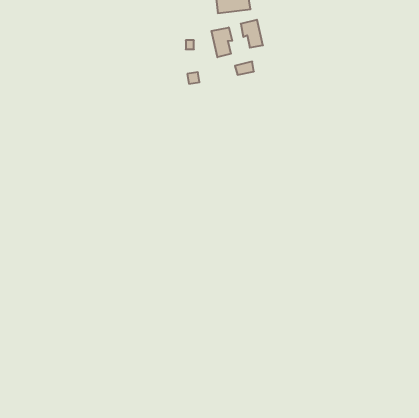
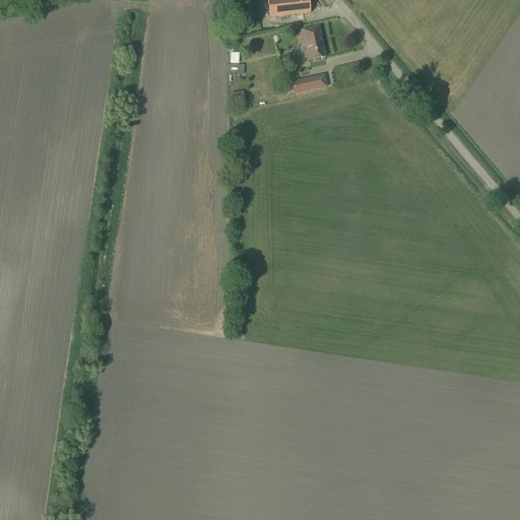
building: [211,27,232,57] -> none

